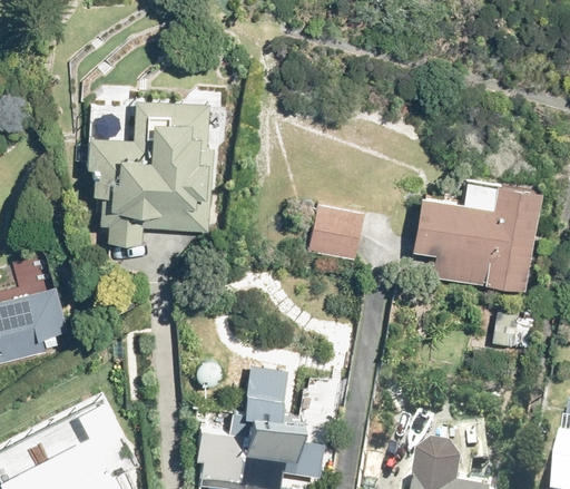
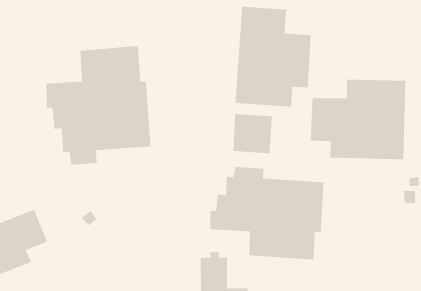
building: none -> [235,6,312,107]
building: none -> [210,166,325,260]

